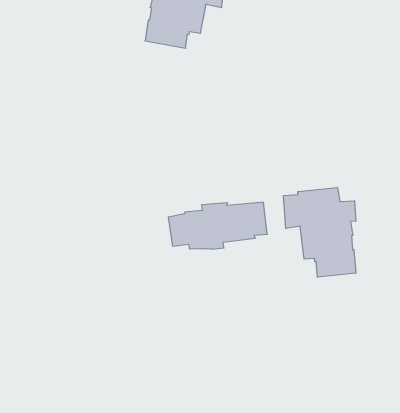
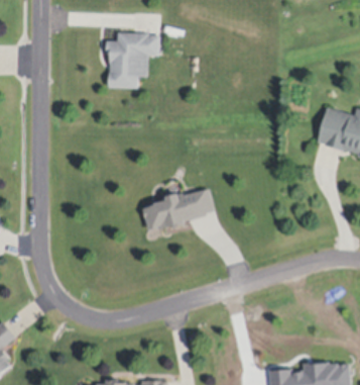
building: [283,187,356,277] -> none

